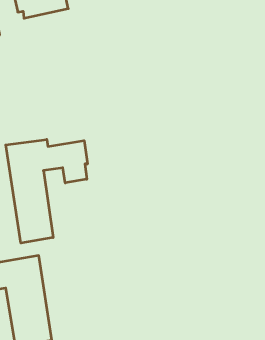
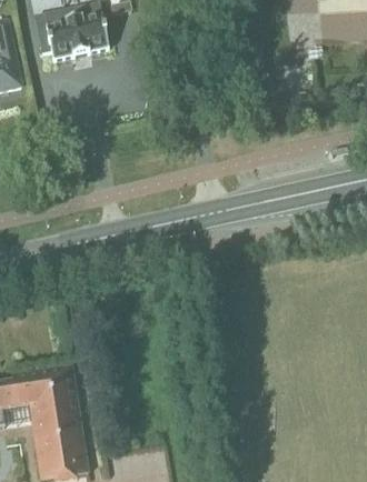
building: [6,139,87,243] -> none

